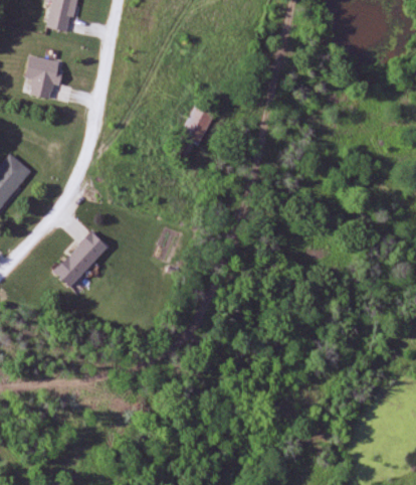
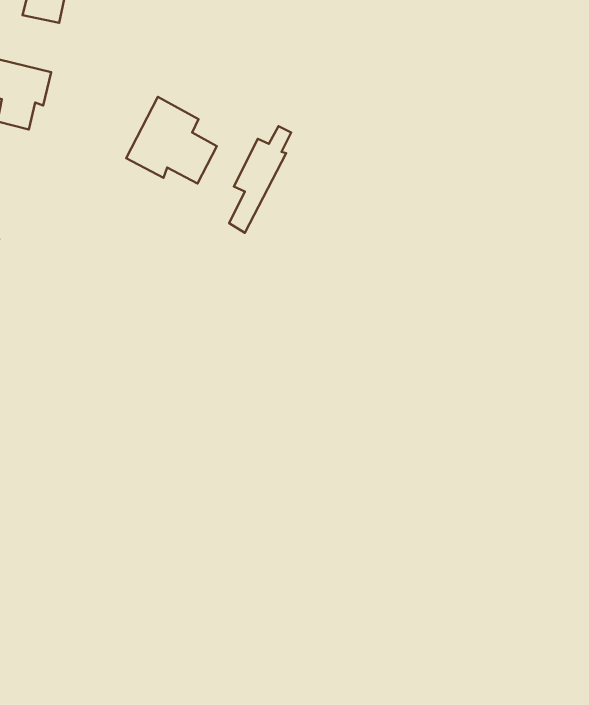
building: none -> [126,97,217,184]
building: [53,231,109,288] -> none

